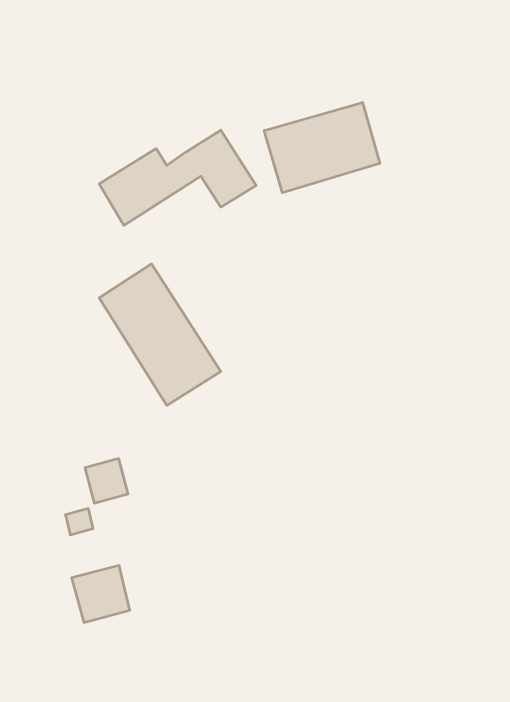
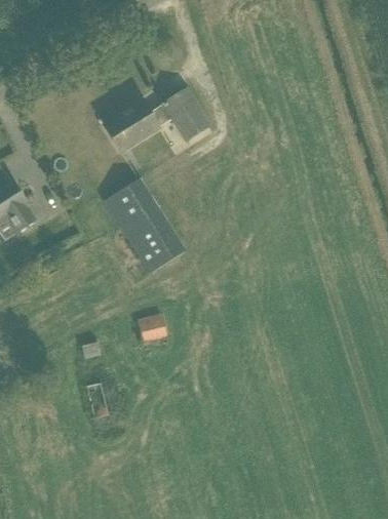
building: [264,102,380,193] -> none
building: [85,459,128,503] -> [137,312,165,342]

